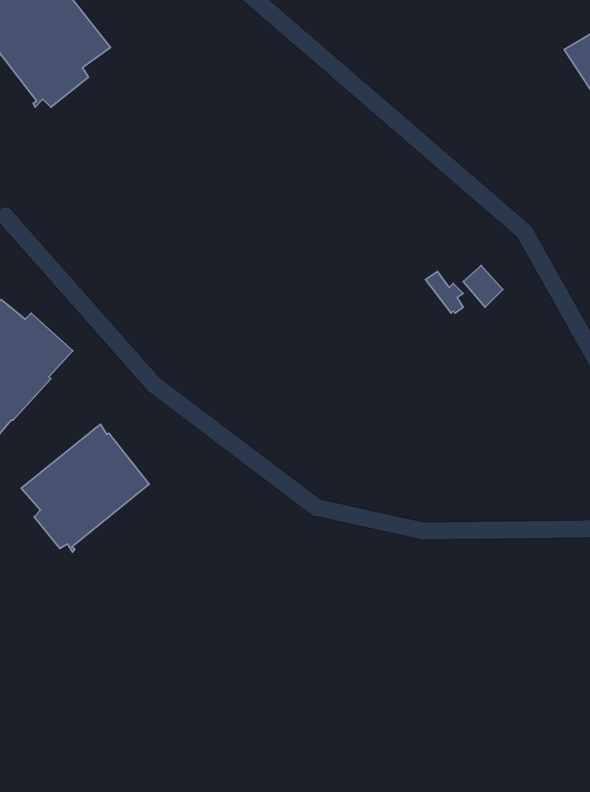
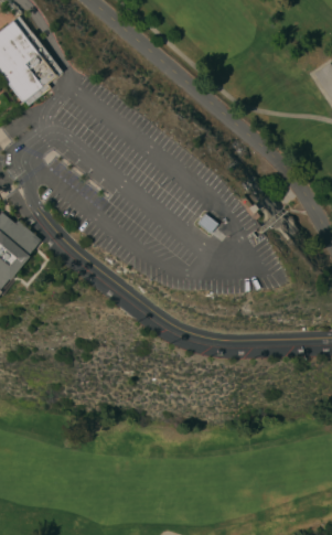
building: [21,424,149,552] -> none

